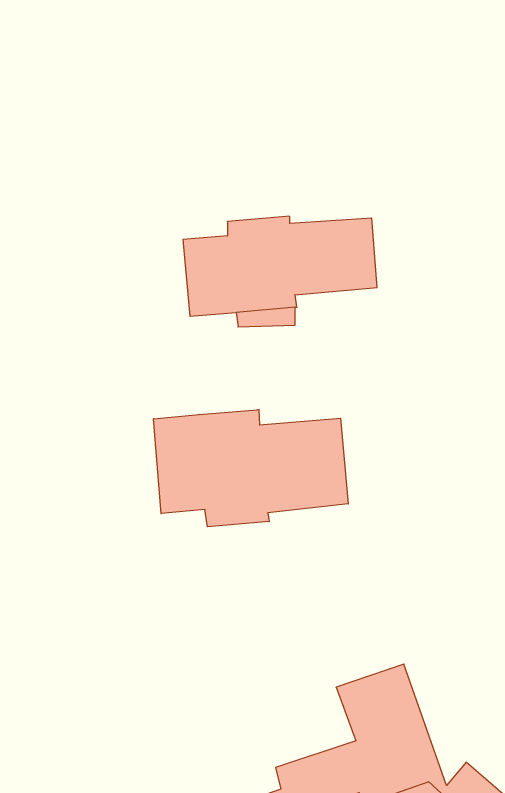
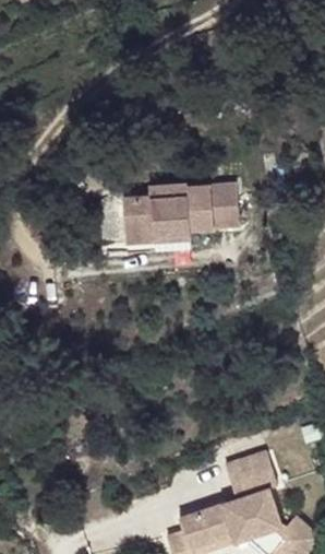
building: [154,409,348,527] -> none

